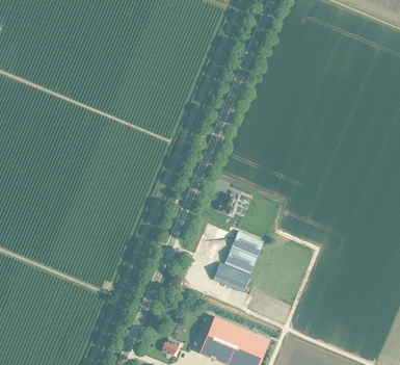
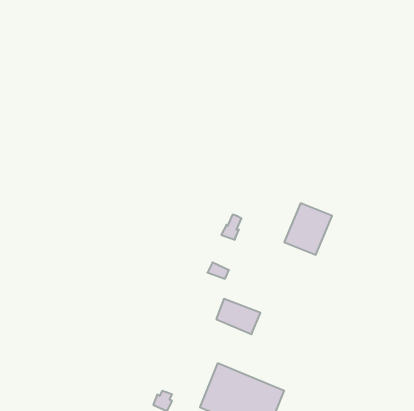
building: [224,230,264,272] -> [284,203,332,255]

